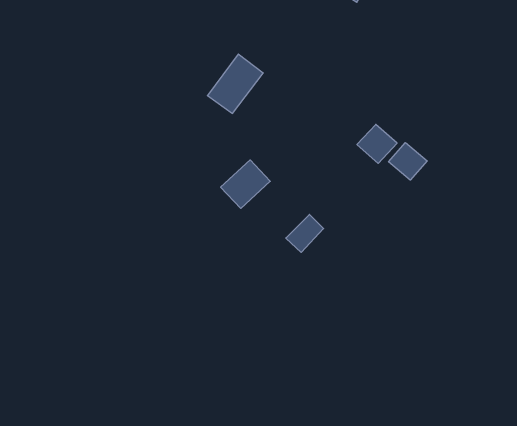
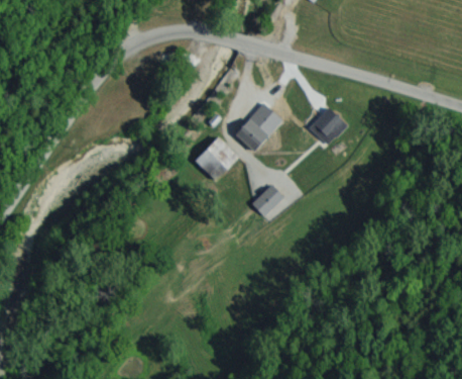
building: [207,54,263,113] -> [235,102,282,153]
building: [389,143,427,180] -> none

